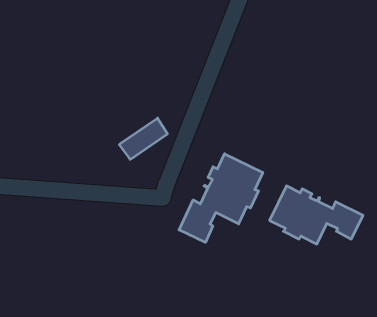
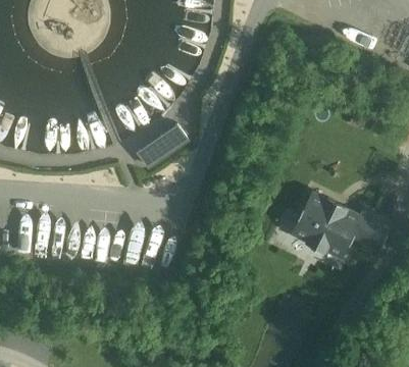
building: [179,154,263,242] -> none

